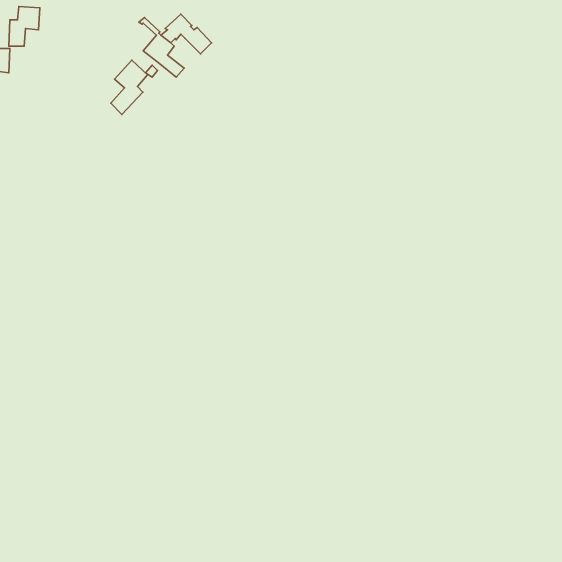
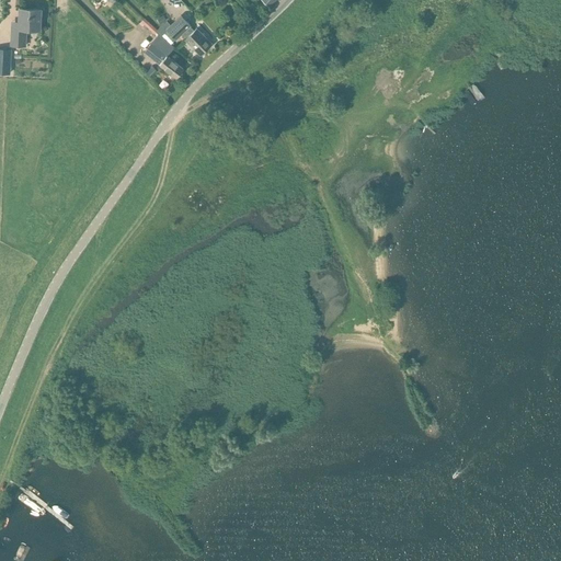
building: [111,60,148,115] -> none

